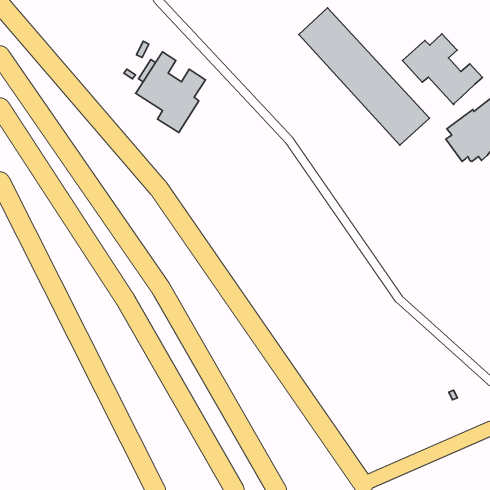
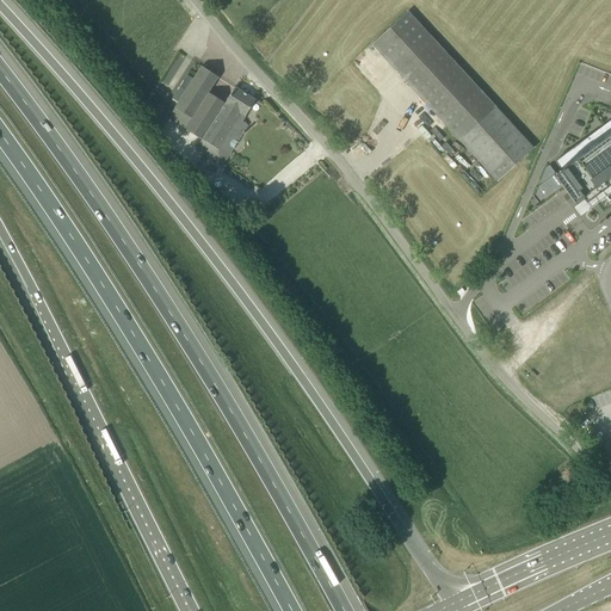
building: [403,34,482,104] -> none

